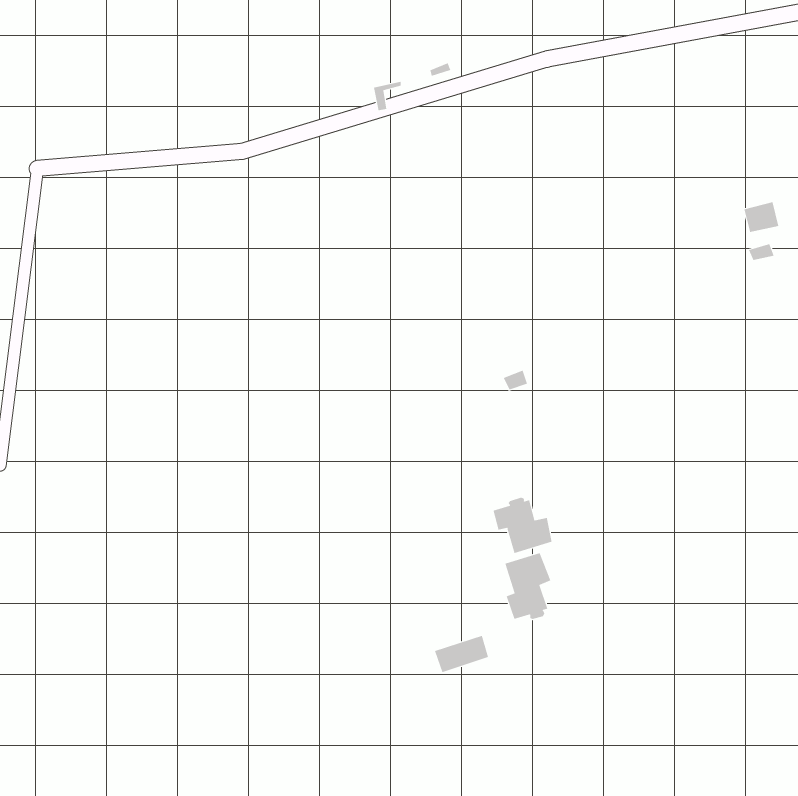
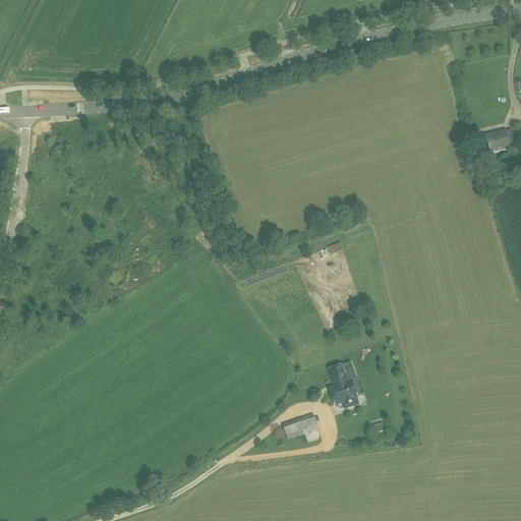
building: [493,497,552,554] -> none

